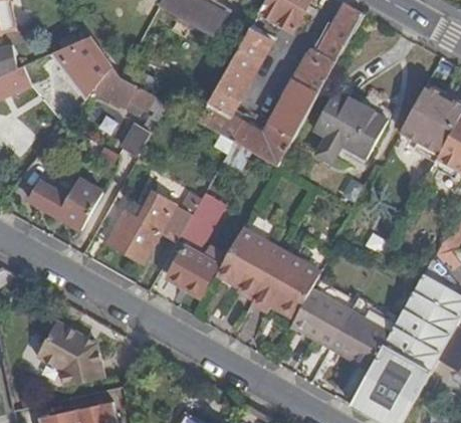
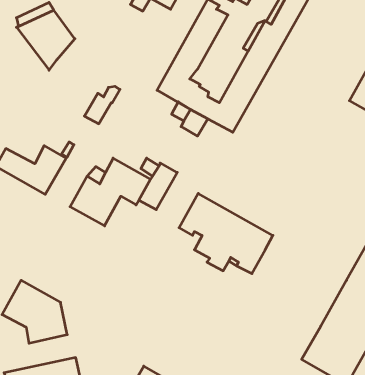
building: [92,66,168,115] -> none
building: [312,90,388,162] -> none
building: [167,247,223,296] -> none
building: [291,288,397,369] -> none

